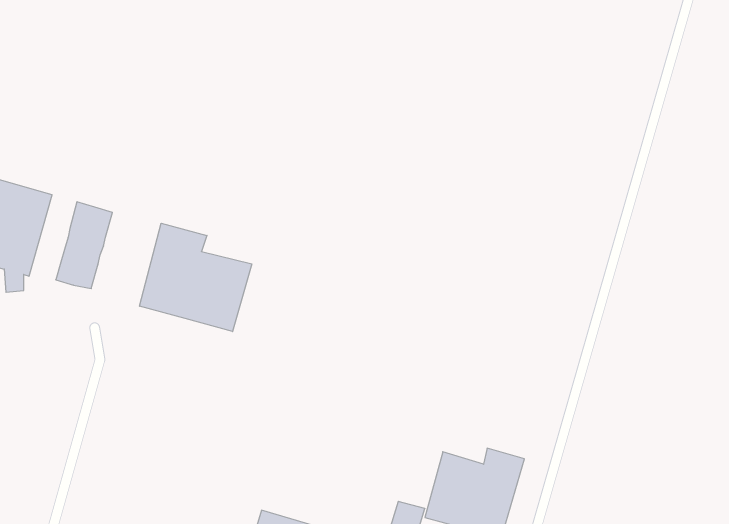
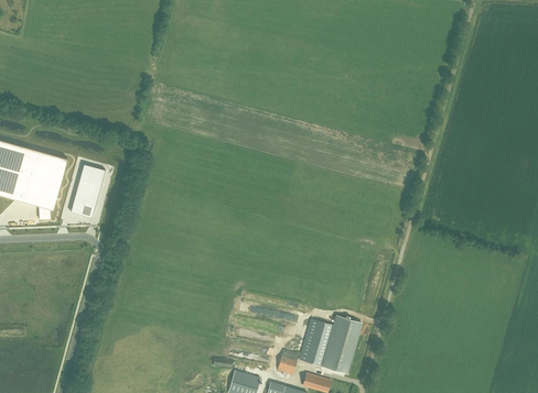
building: [140,223,252,332] -> none

